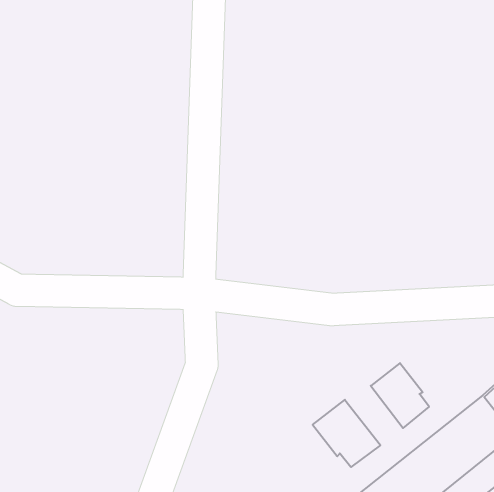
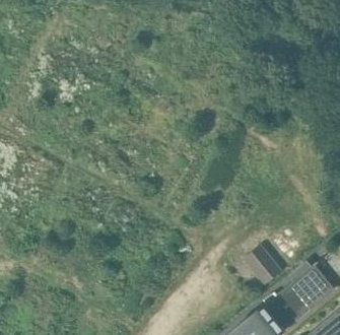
building: [313,400,380,467] -> none

